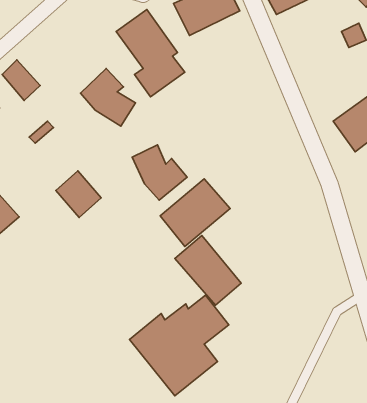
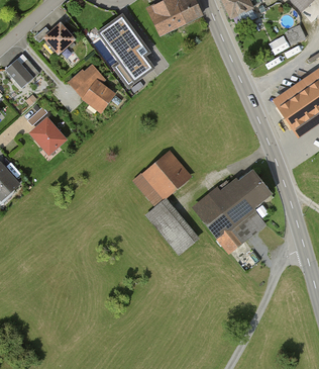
building: none -> [43,19,75,51]
building: [132,145,187,200] -> none
building: [56,171,101,217] -> [29,113,67,152]
building: [129,295,229,396] -> [194,172,276,255]

